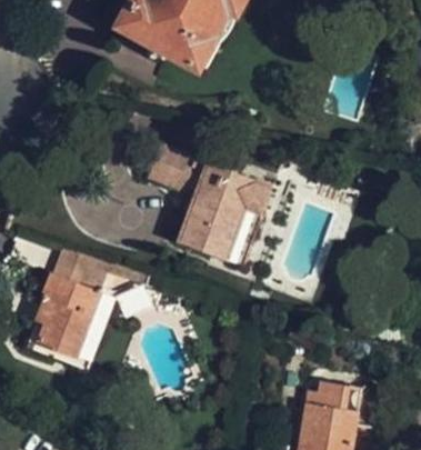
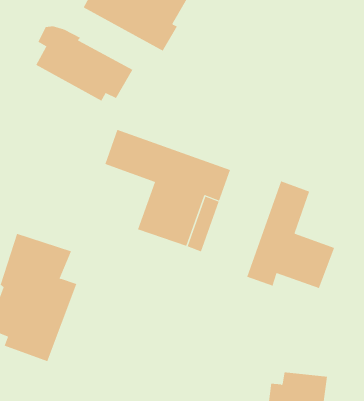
building: none -> [35,25,133,101]
building: none -> [246,181,335,289]

